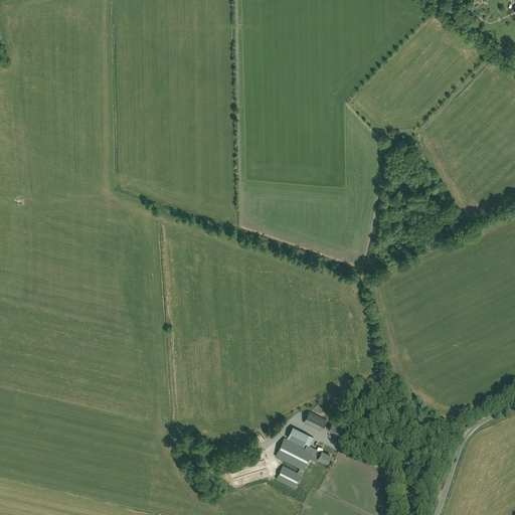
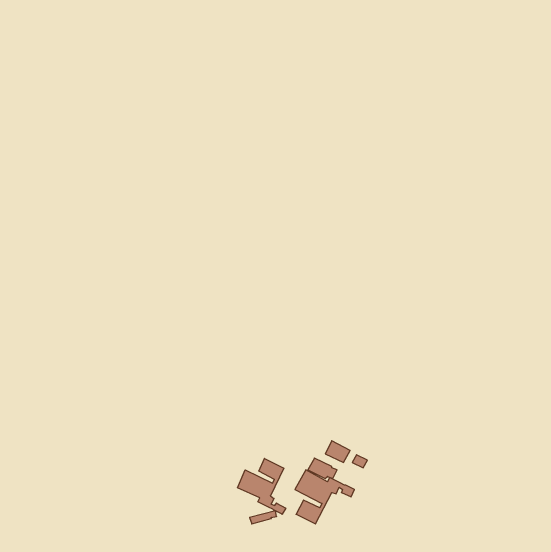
building: none -> [237,458,286,514]

